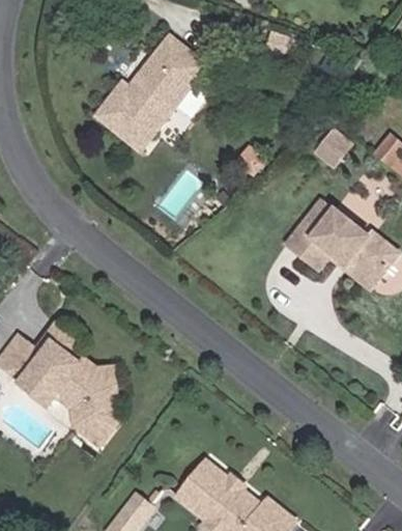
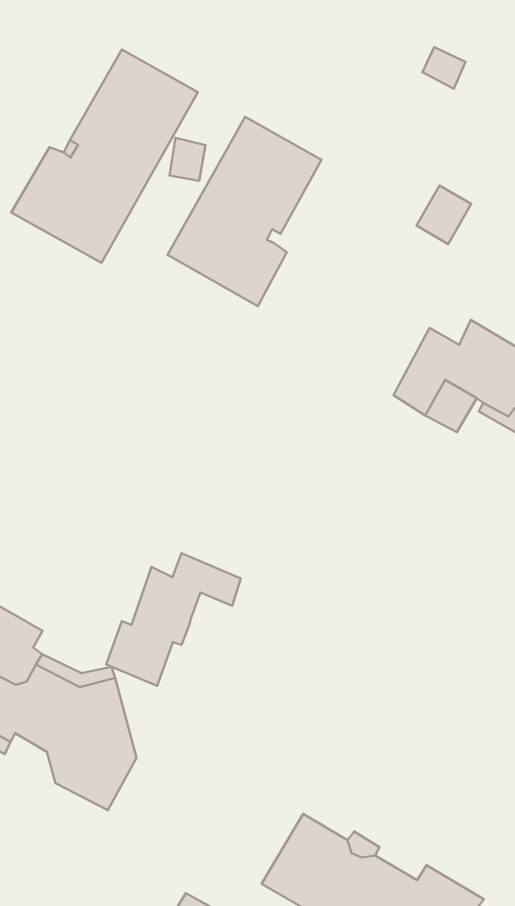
building: none -> [168,117,321,306]
building: none -> [106,553,241,686]

